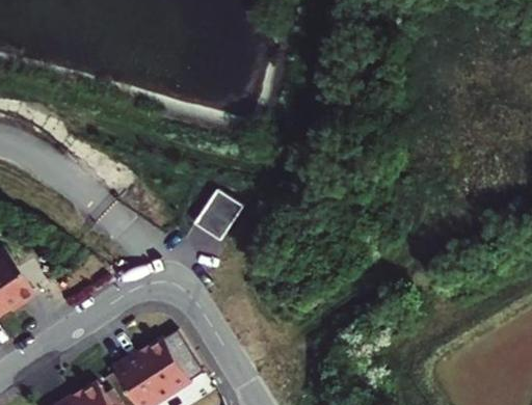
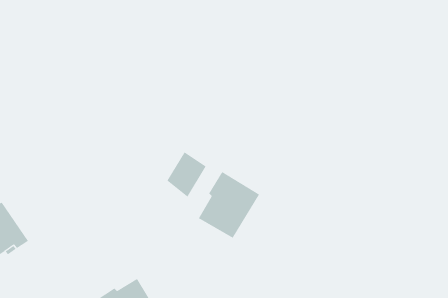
building: none -> [198,171,260,239]

